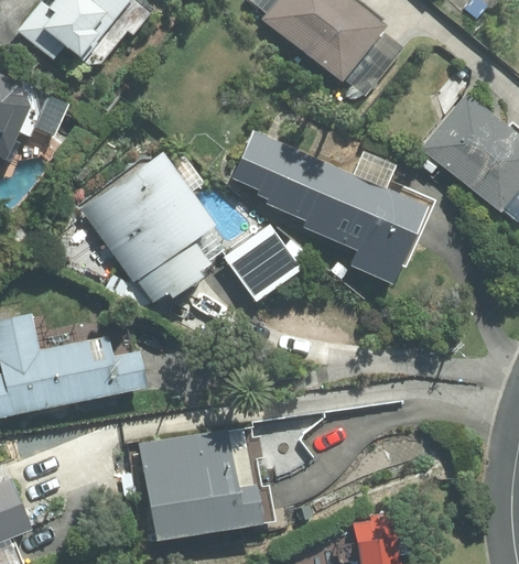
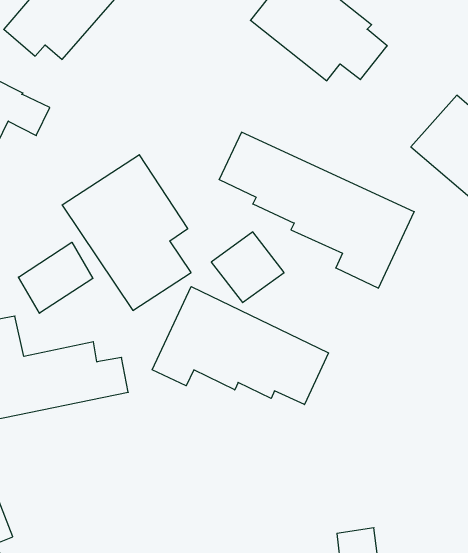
building: none -> [18,242,93,313]
building: none -> [152,287,328,405]
building: [140,431,261,540] -> none

